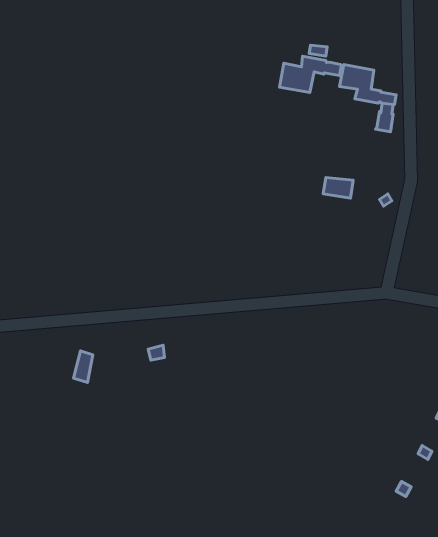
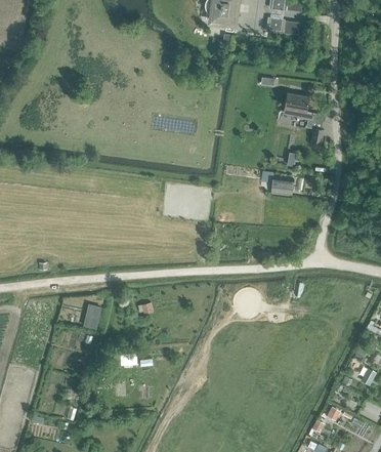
building: [280,56,342,93] -> none

